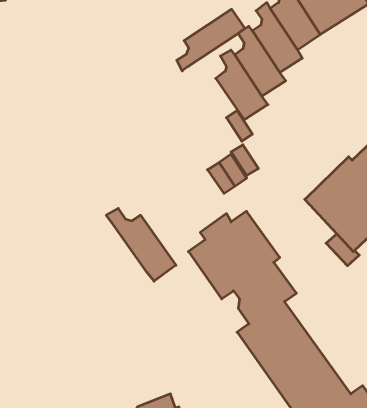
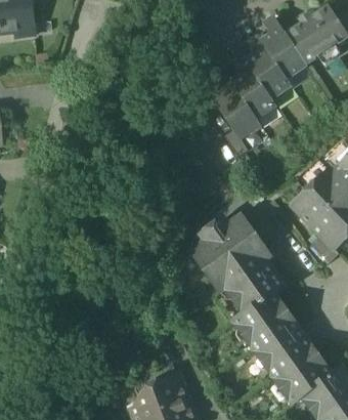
building: [177,9,245,71] -> none
building: [106,208,176,281] -> none

